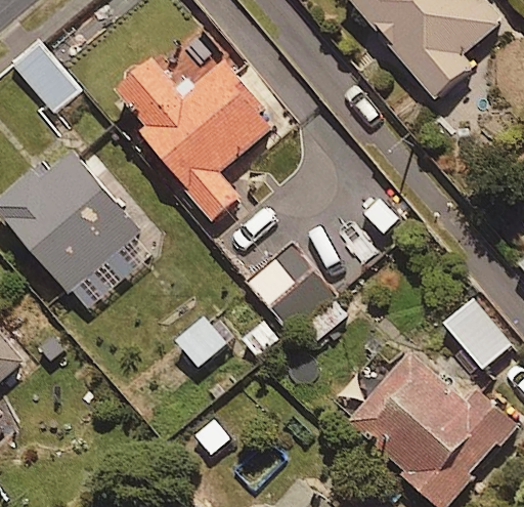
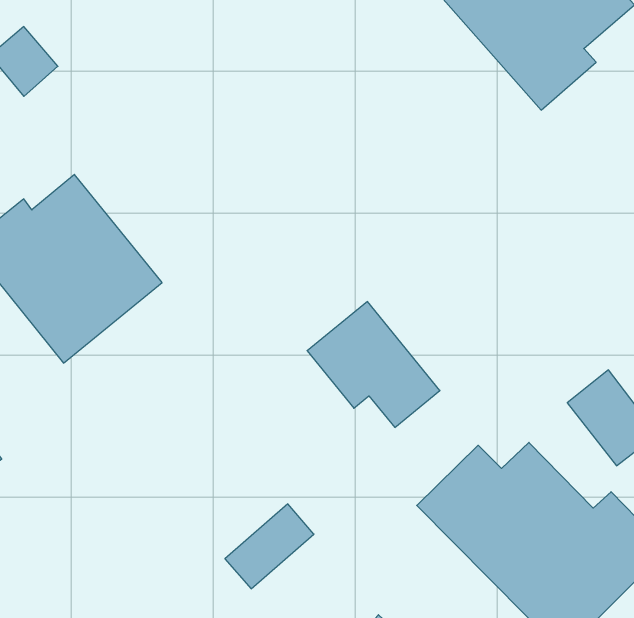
building: [112,56,274,217] -> none

